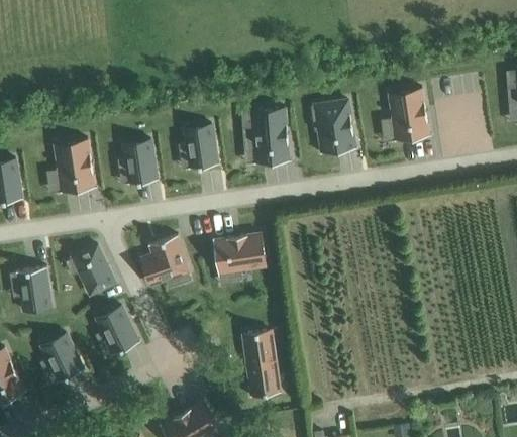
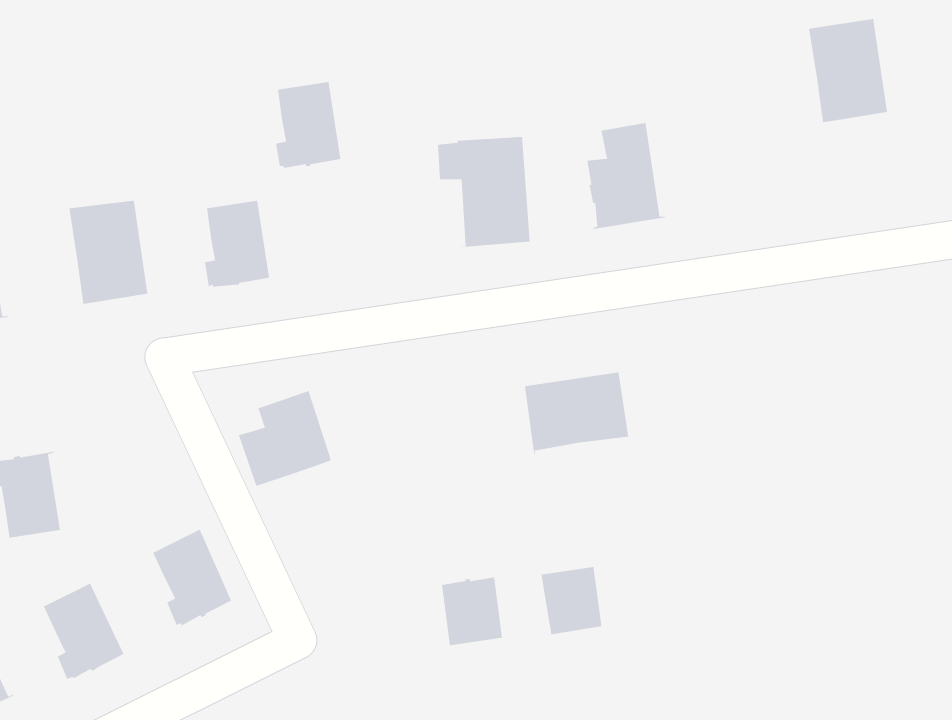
building: [389,88,431,141] -> [808,18,892,124]
building: [184,124,219,169] -> [275,81,345,169]
building: [213,233,267,276] -> [524,371,629,455]
building: [72,245,115,294] -> none
building: [247,361,282,397] -> [541,566,608,636]

